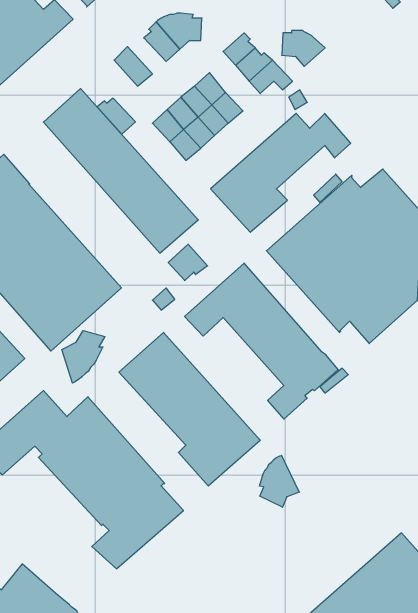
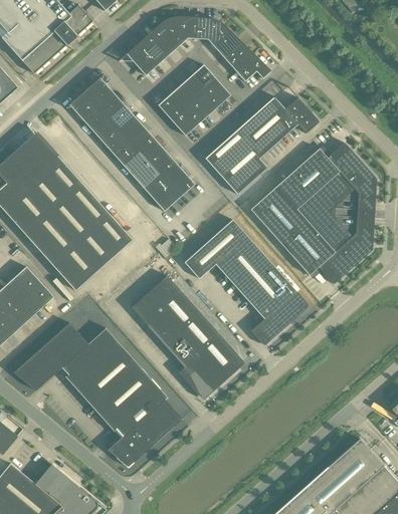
building: [282,31,325,66] -> [197,18,232,47]
building: [97,98,135,134] -> [138,36,169,65]
building: [168,244,208,281] -> none
building: [62,331,105,383] -> none
building: [260,455,299,507] -> none

